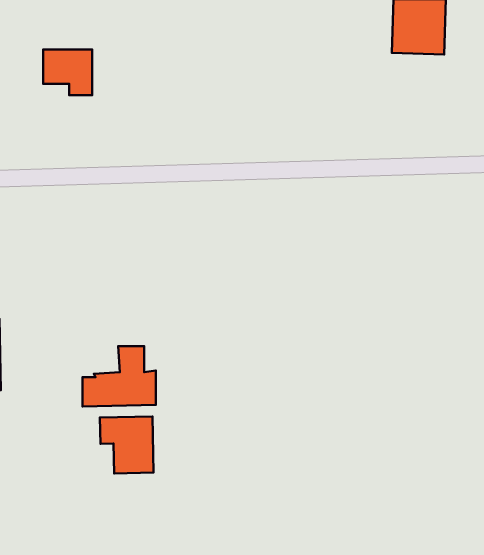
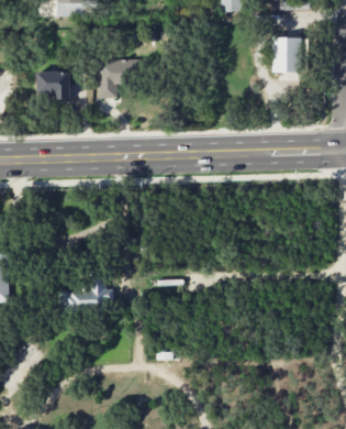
building: none -> [98,58,141,99]
building: [100,416,154,473] -> none

